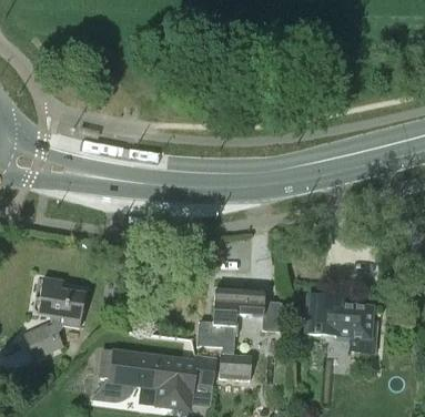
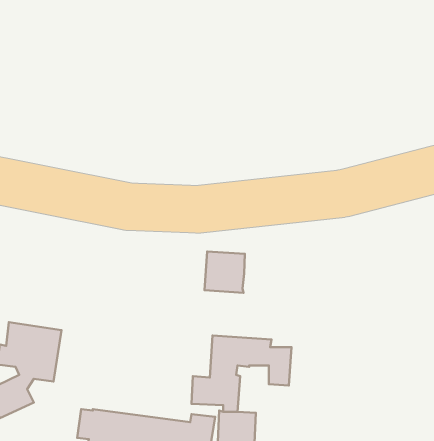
building: none -> [204,251,245,293]
building: [303,295,374,352] -> none

